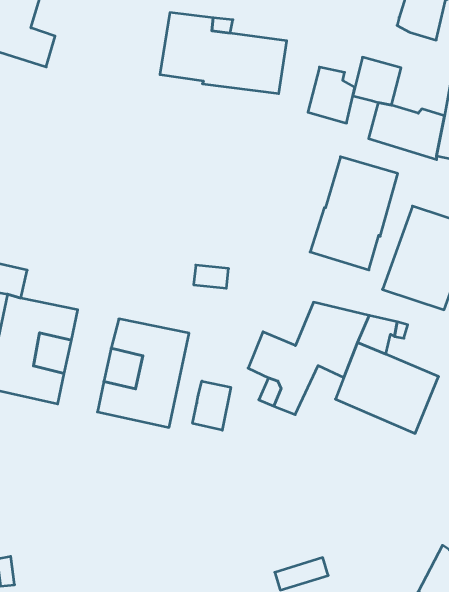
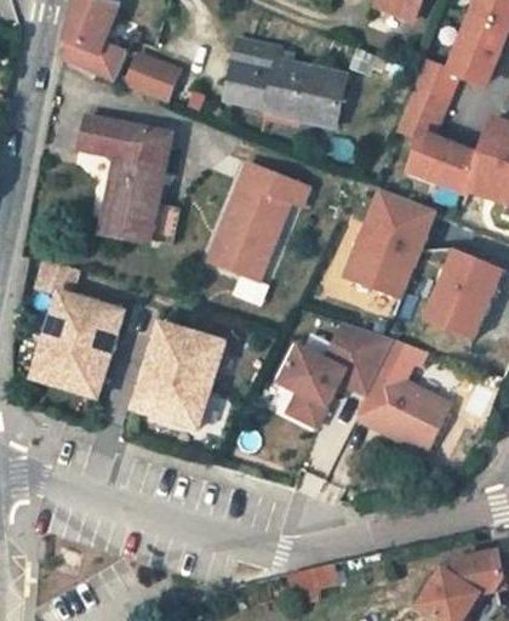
building: none -> [119,45,178,101]
building: [308,67,355,123] -> [411,58,457,113]
building: none -> [80,112,183,245]
building: none -> [211,164,310,280]
building: [193,381,231,430] -> none

